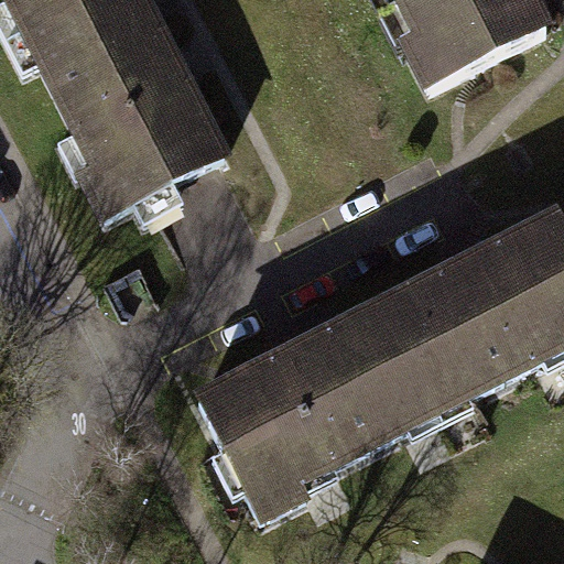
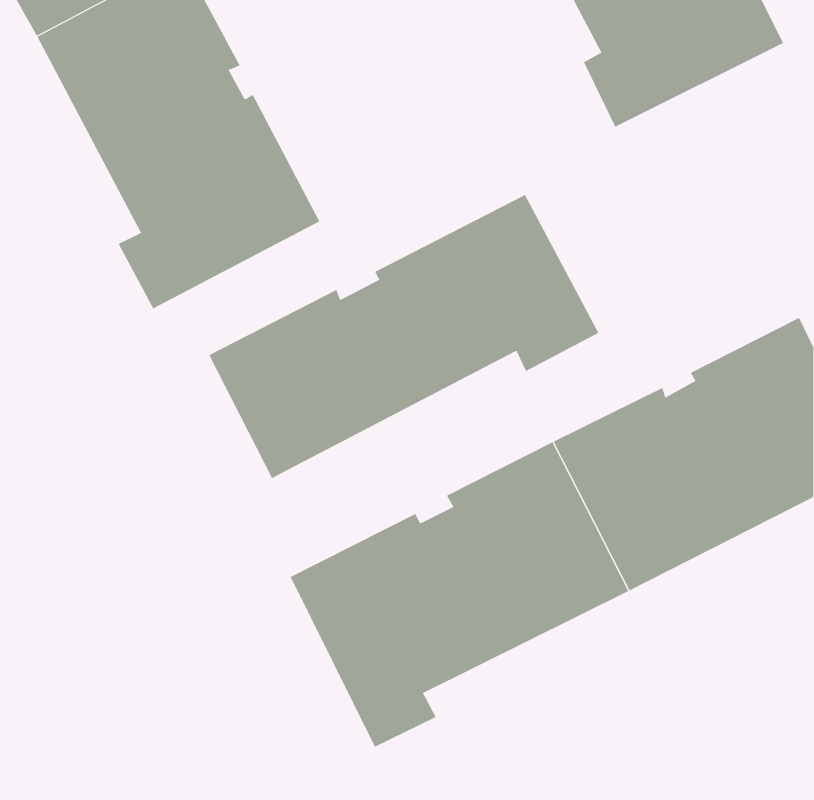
building: none -> [208,194,599,479]

